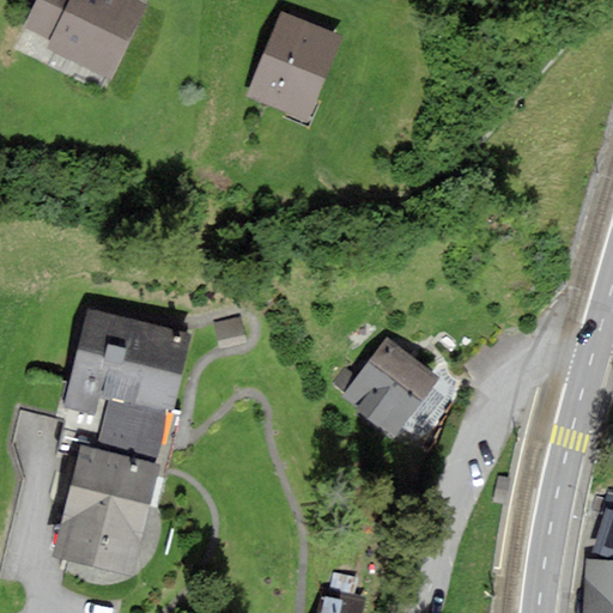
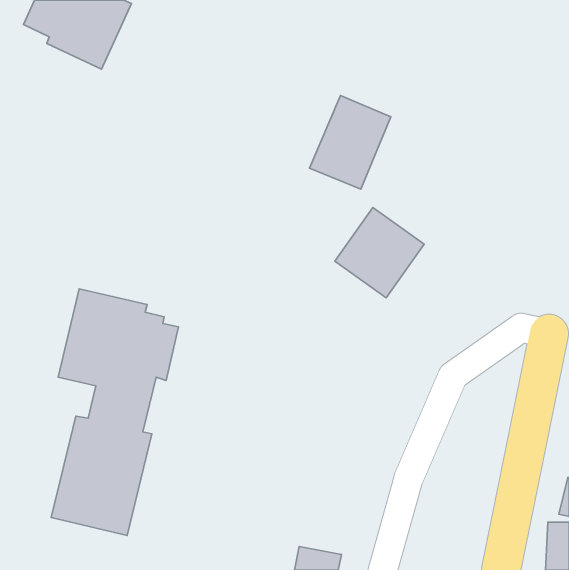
building: [250,14,338,115] -> [309,96,391,189]
building: [342,338,438,435] -> [335,207,424,298]

